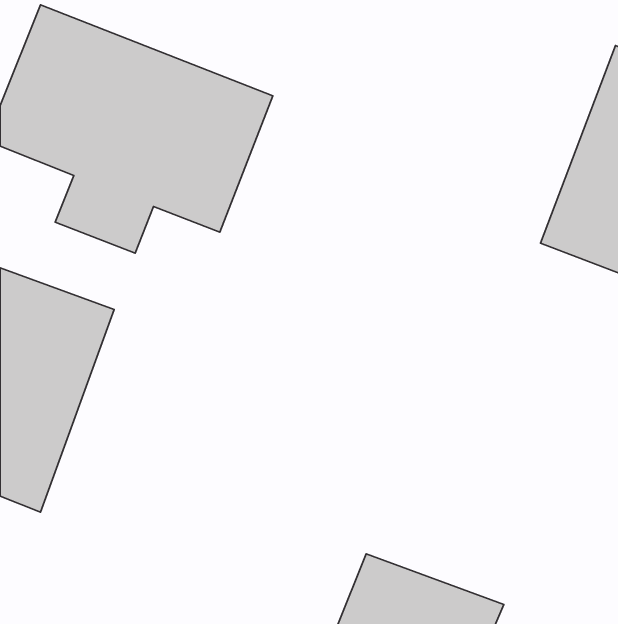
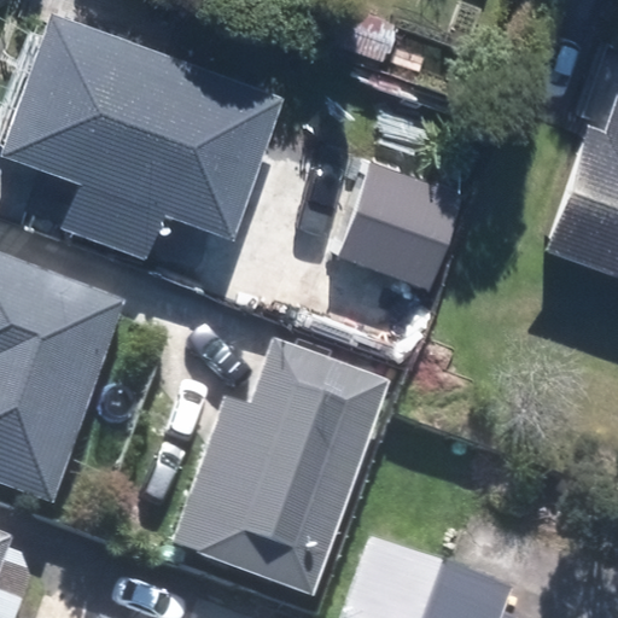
building: none -> [346,165,470,290]
building: none -> [177,348,385,596]

